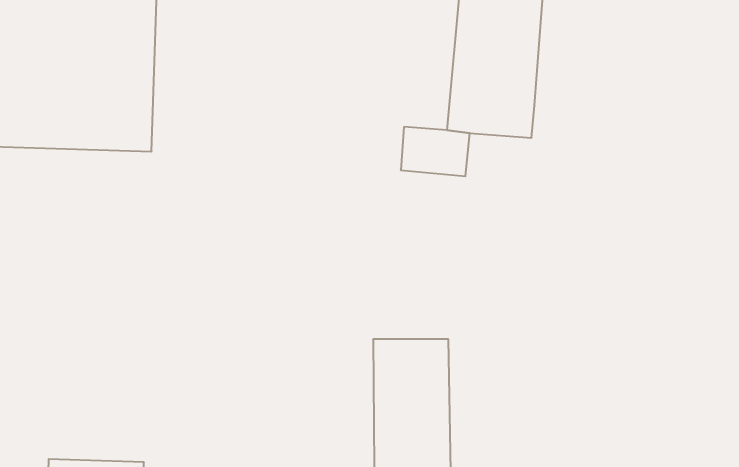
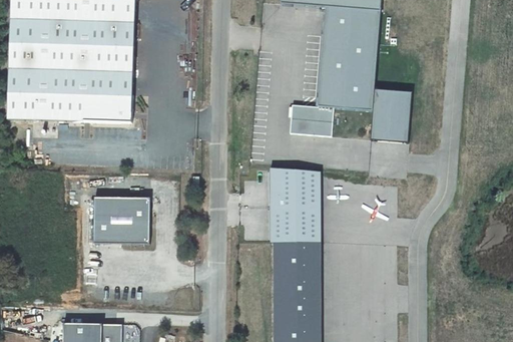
building: none -> [372,89,414,142]
building: none -> [272,167,322,242]
building: none -> [92,198,147,241]

